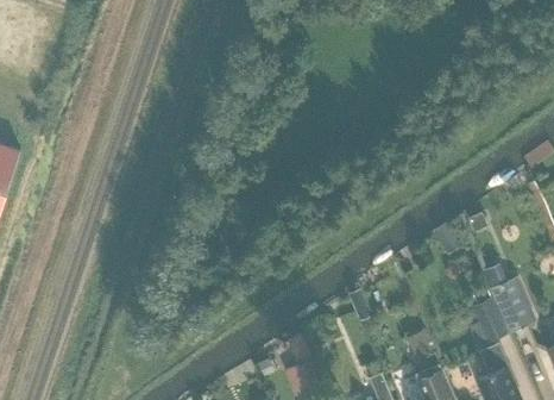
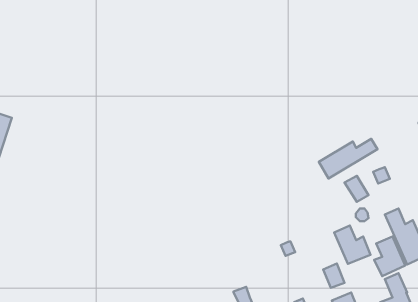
building: none -> [319,139,378,179]
building: none -> [334,225,370,264]

